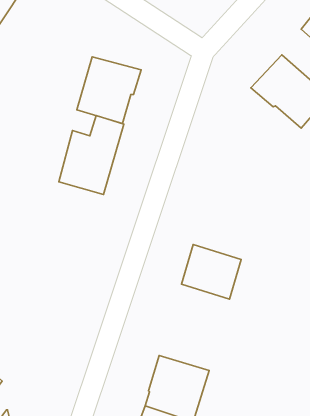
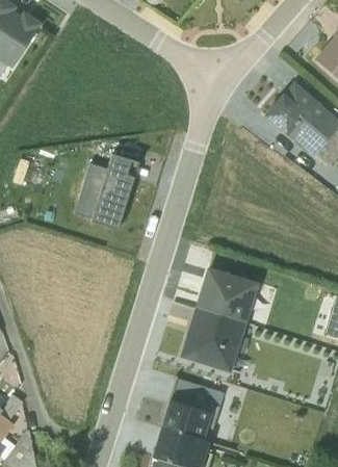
building: [77,57,141,123] -> none
building: none -> [183,308,244,371]

